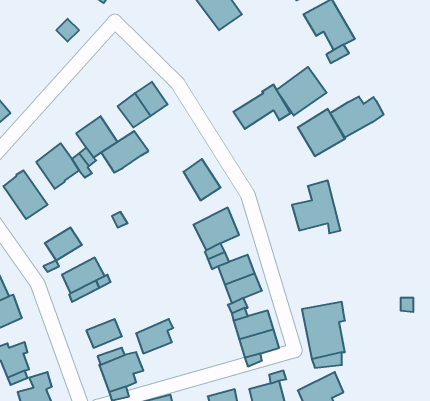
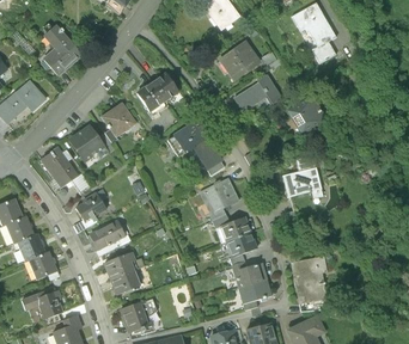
building: none -> [43,25,83,75]
building: [277,67,327,116] -> [219,41,261,81]
building: [330,96,384,138] -> none
building: [101,131,148,173] -> [173,117,213,152]
building: [136,319,173,353] -> [104,252,135,281]

